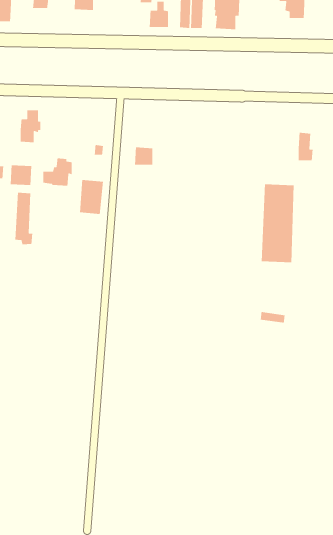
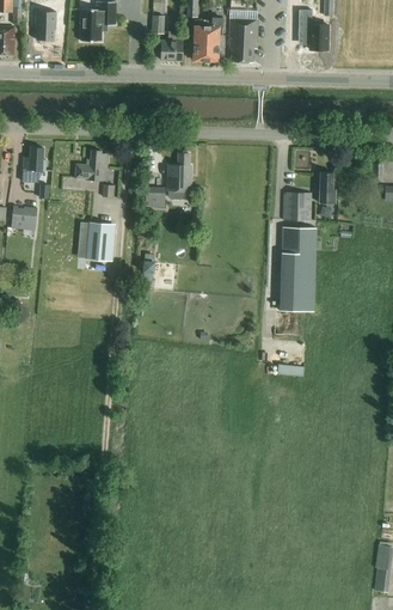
building: none -> [167,153,191,200]
building: none -> [283,191,311,220]
building: [42,157,73,187] -> [75,150,108,181]
building: [15,192,33,245] -> none

